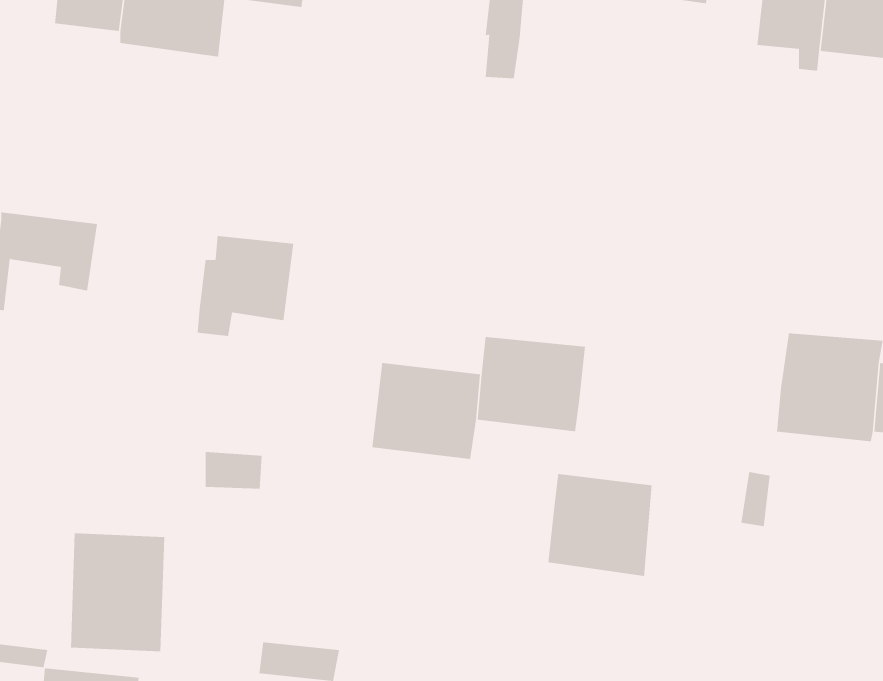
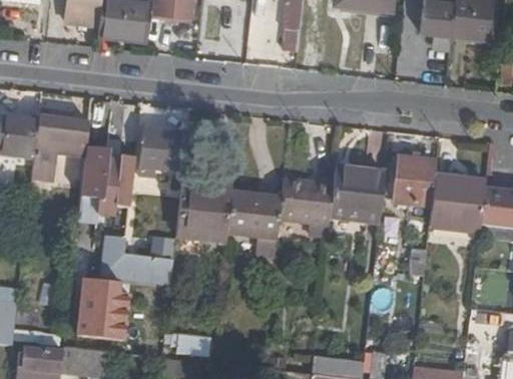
building: none -> [79,147,133,209]
building: none -> [395,156,439,205]
building: none -> [175,179,232,240]
building: none -> [100,236,169,285]
building: [547,473,653,576] -> [332,166,385,219]

